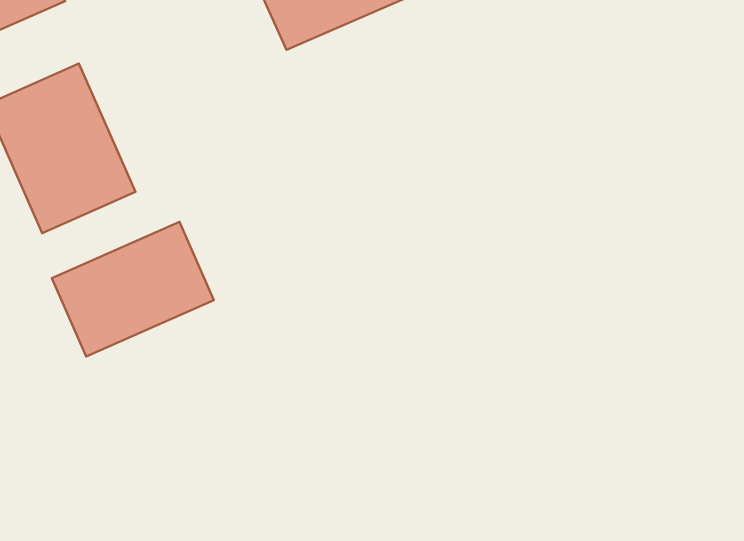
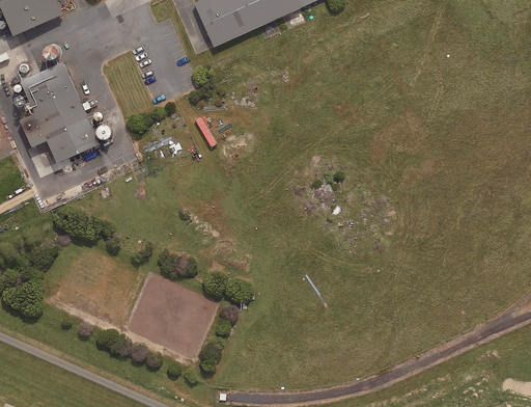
building: [52,222,214,356] -> none

